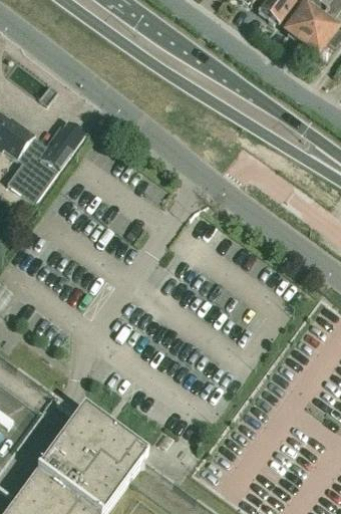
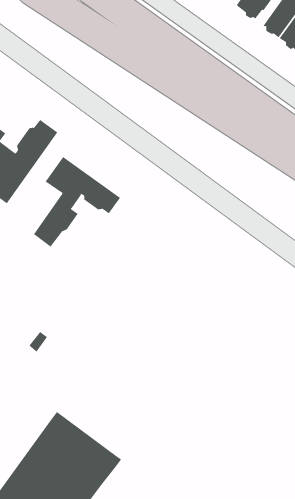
building: none -> [33,156,121,248]

